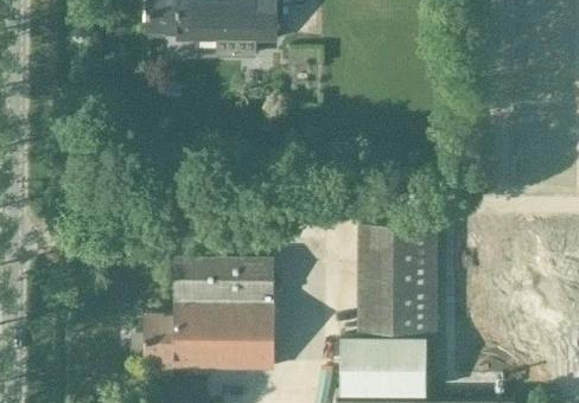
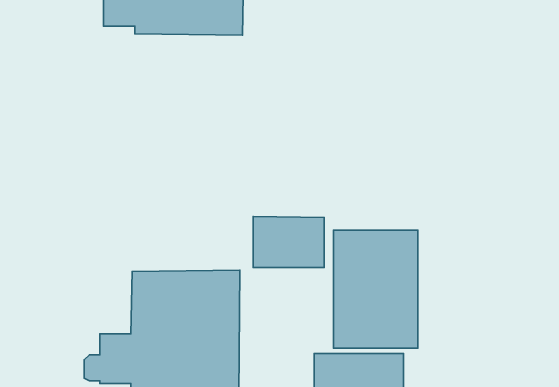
building: none -> [253,216,324,268]

